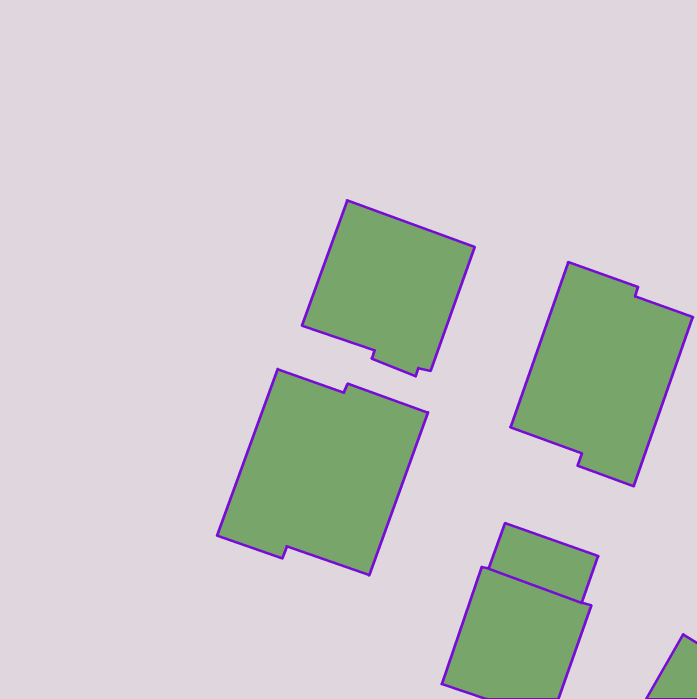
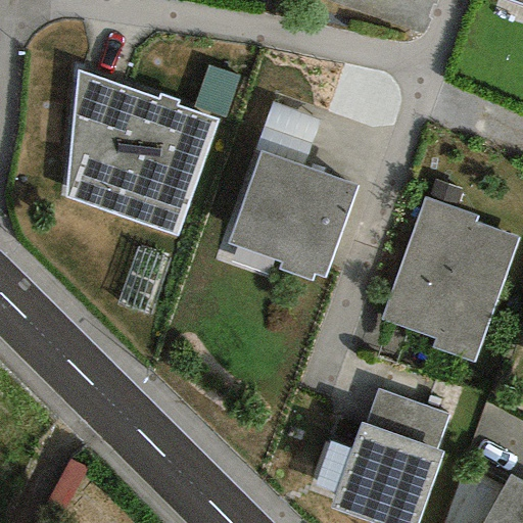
building: none -> [66,68,218,235]
building: [217,369,428,575] -> none

